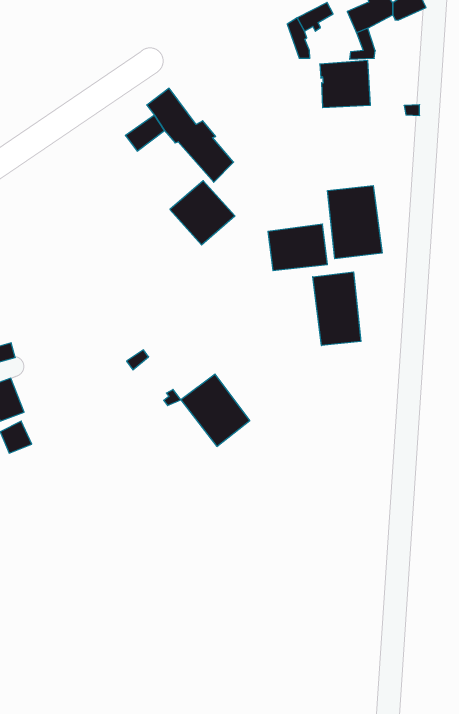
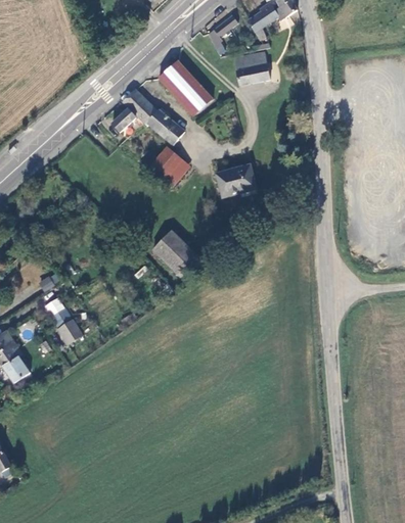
building: none -> [160,58,215,114]
building: [328,186,382,259] -> none
building: [313,272,361,346] -> none
building: [181,374,250,446] -> [152,229,200,277]

